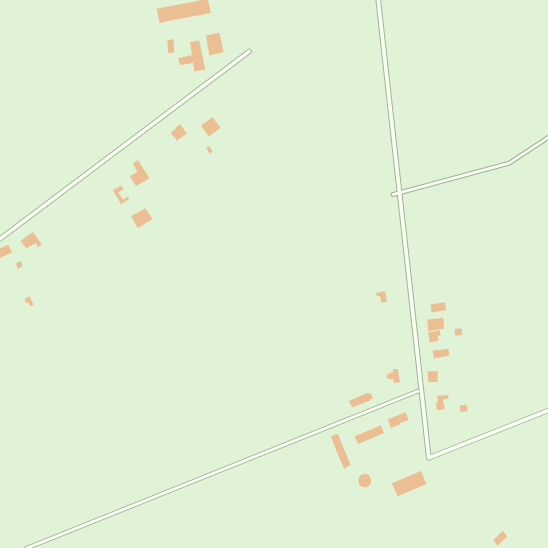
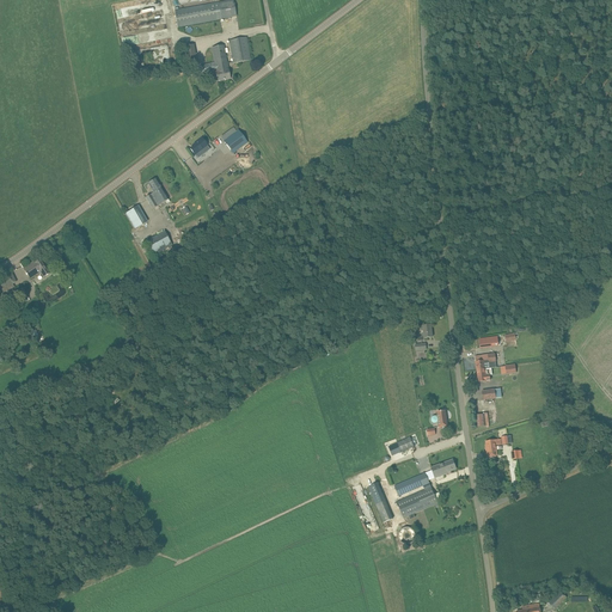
building: [391,470,427,497] -> [396,486,436,516]

